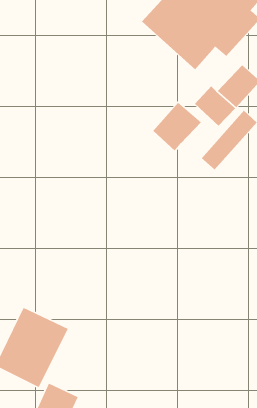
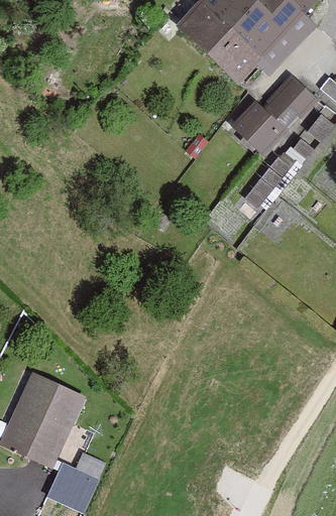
building: [152,102,202,151] -> none

